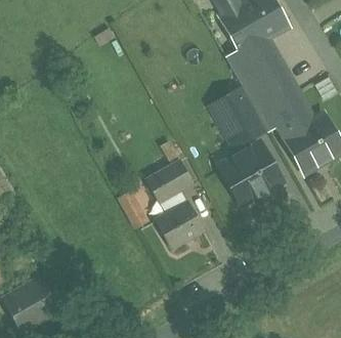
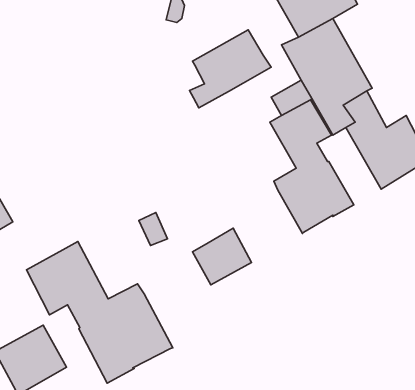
building: none -> [189,30,271,108]
building: [146,159,191,214] -> none
building: none -> [27,242,173,383]

